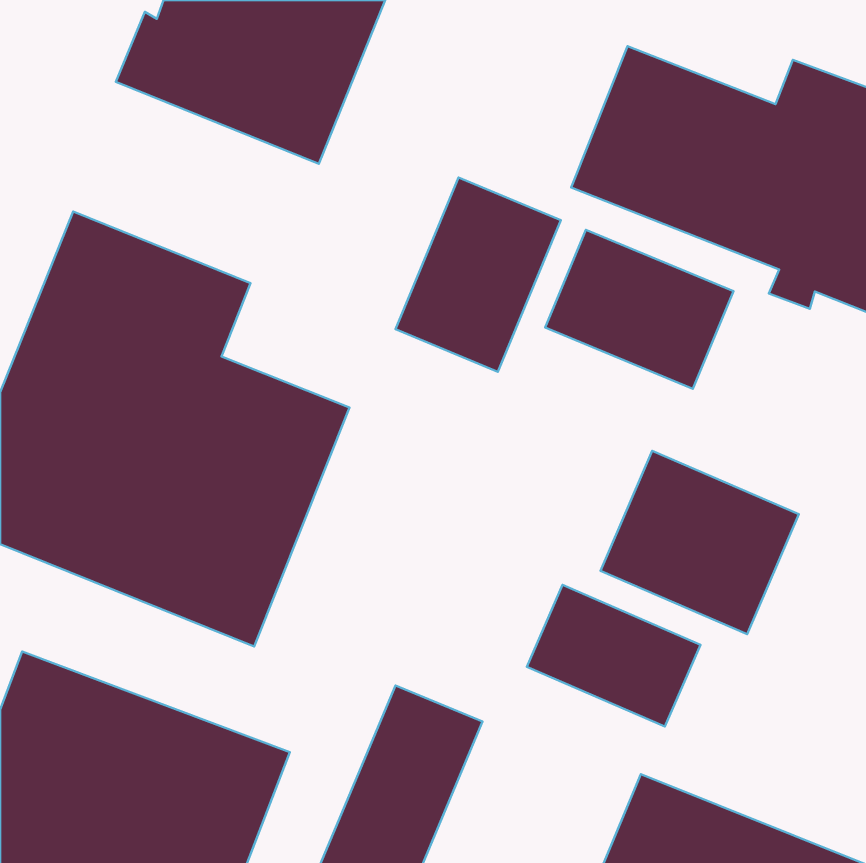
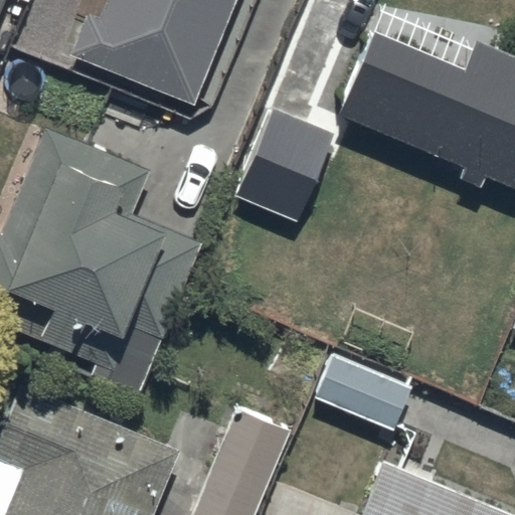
building: [545,230,733,389] -> none
building: [600,451,799,634] -> none

